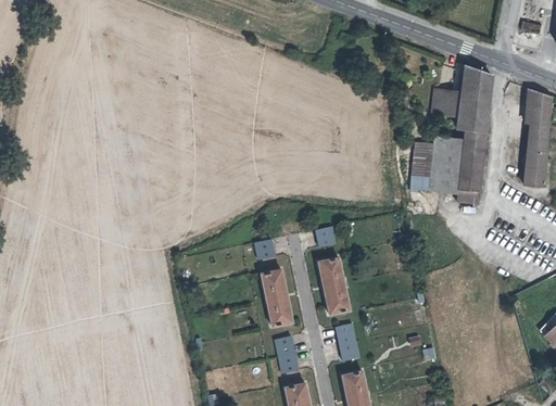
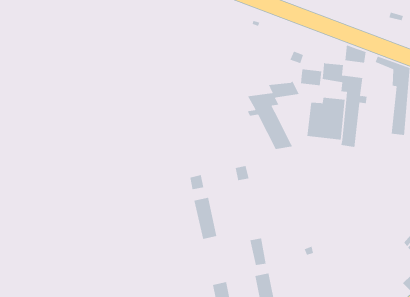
building: [460,87,490,110] -> [300,69,322,86]
building: none -> [247,81,299,150]
building: [319,257,350,314] -> none
building: [275,335,299,373] -> none

